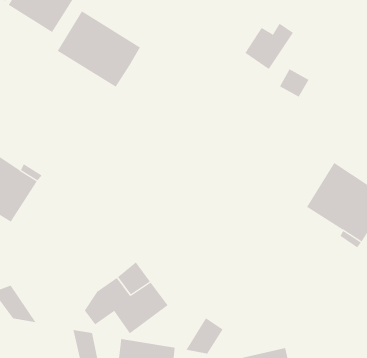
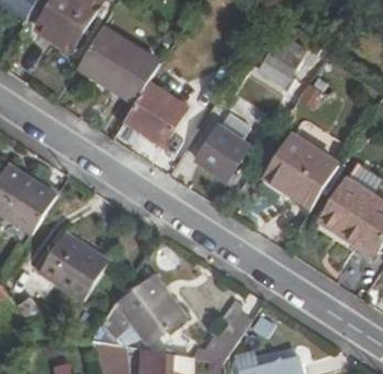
building: none -> [123,81,189,145]
building: none -> [194,126,244,178]
building: none -> [263,133,338,206]
building: none -> [38,231,109,299]

